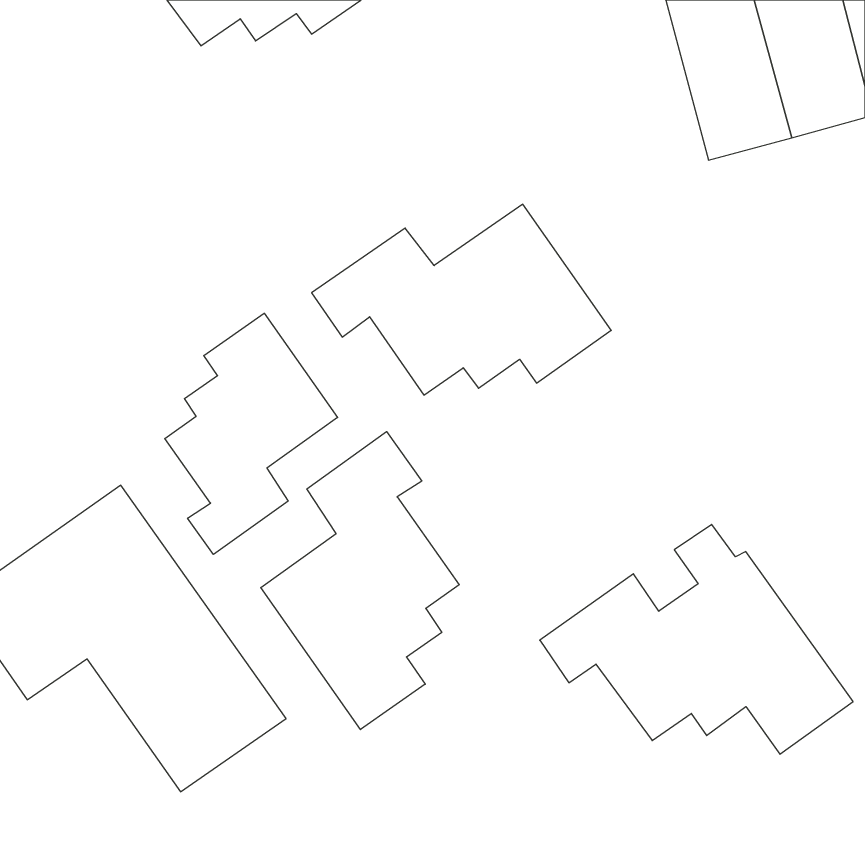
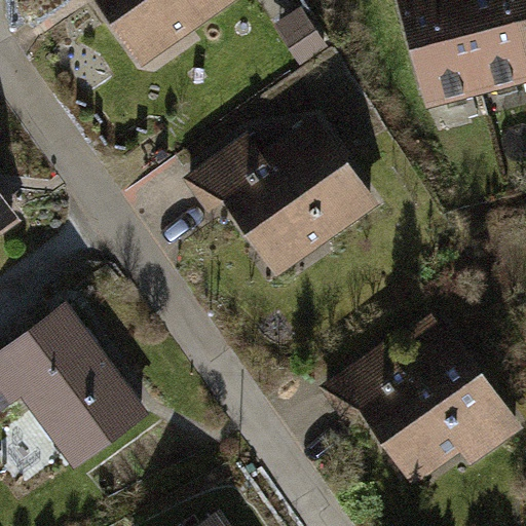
building: [165,313,338,554] -> none
building: [261,432,459,730] -> none

